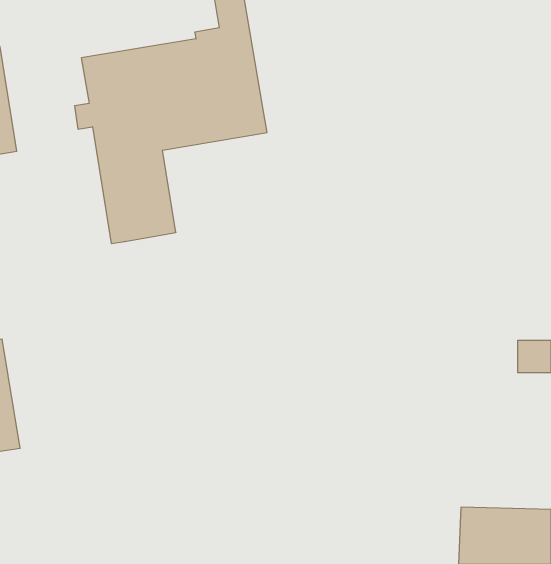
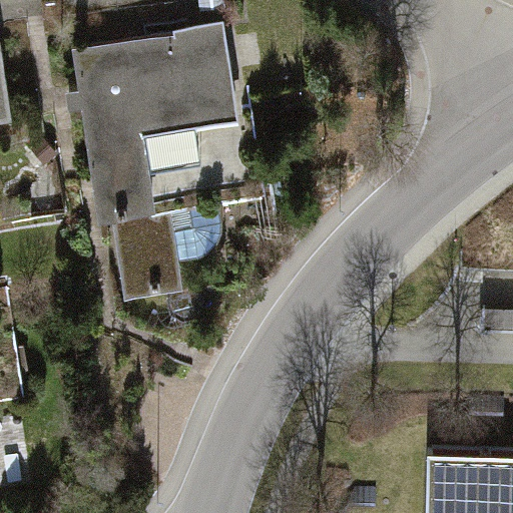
building: none -> [112,100,269,299]

